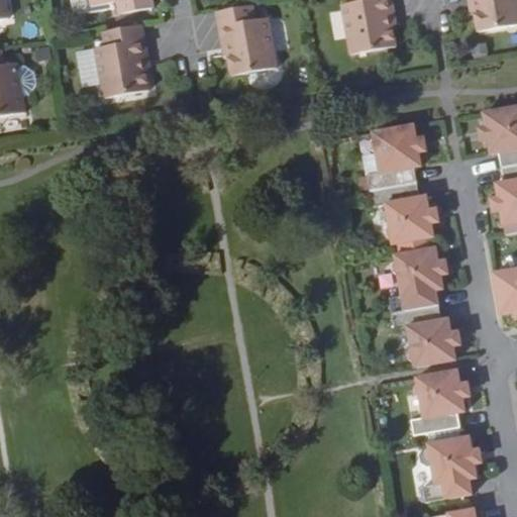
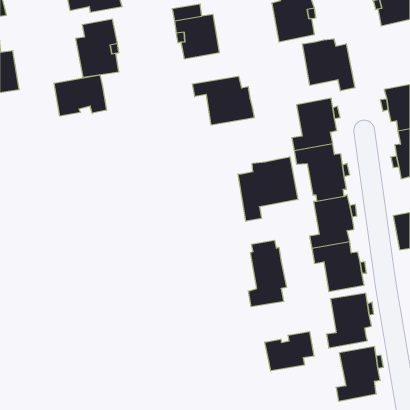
building: none -> [302,39,355,91]
building: none -> [54,75,107,116]
building: none -> [193,76,254,125]
building: none -> [238,157,298,221]
building: none -> [248,240,286,307]
building: none -> [265,332,314,371]

